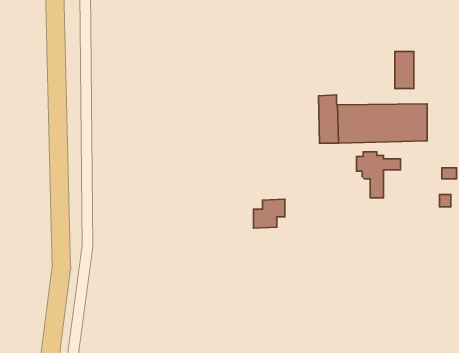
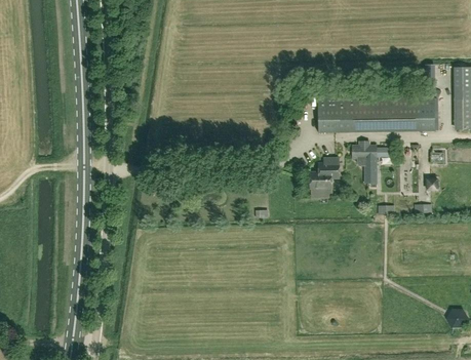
building: [395,51,414,88] -> [417,96,434,130]
building: [253,199,285,228] -> [310,162,339,189]

